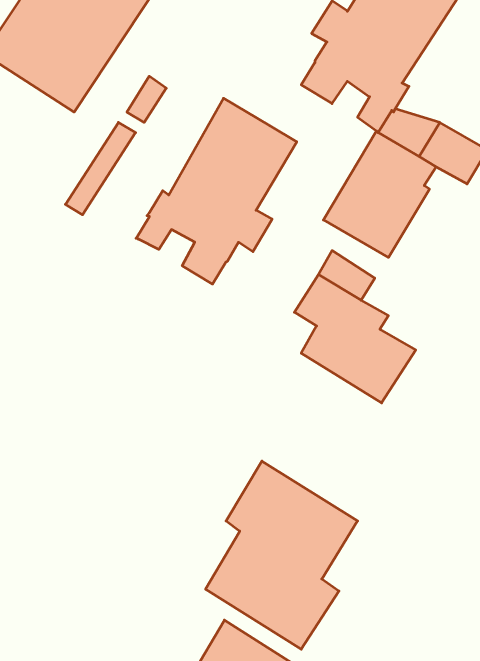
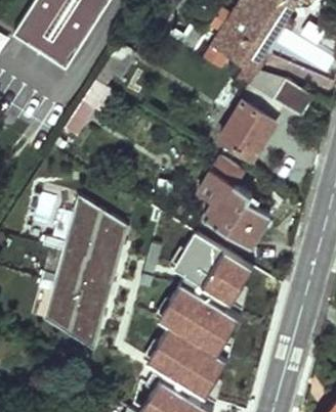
building: [136,98,297,284] -> none
building: none -> [43,195,128,351]
building: none -> [171,232,250,305]

